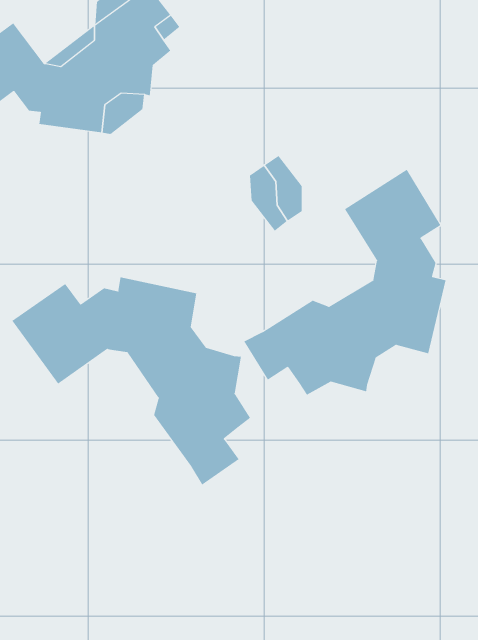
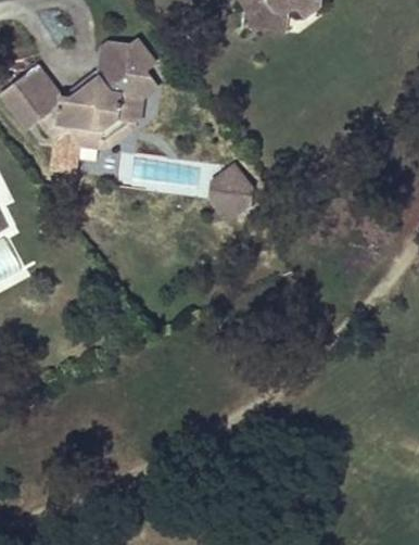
building: [244,169,446,396] -> none
building: [12,277,251,486] -> none

